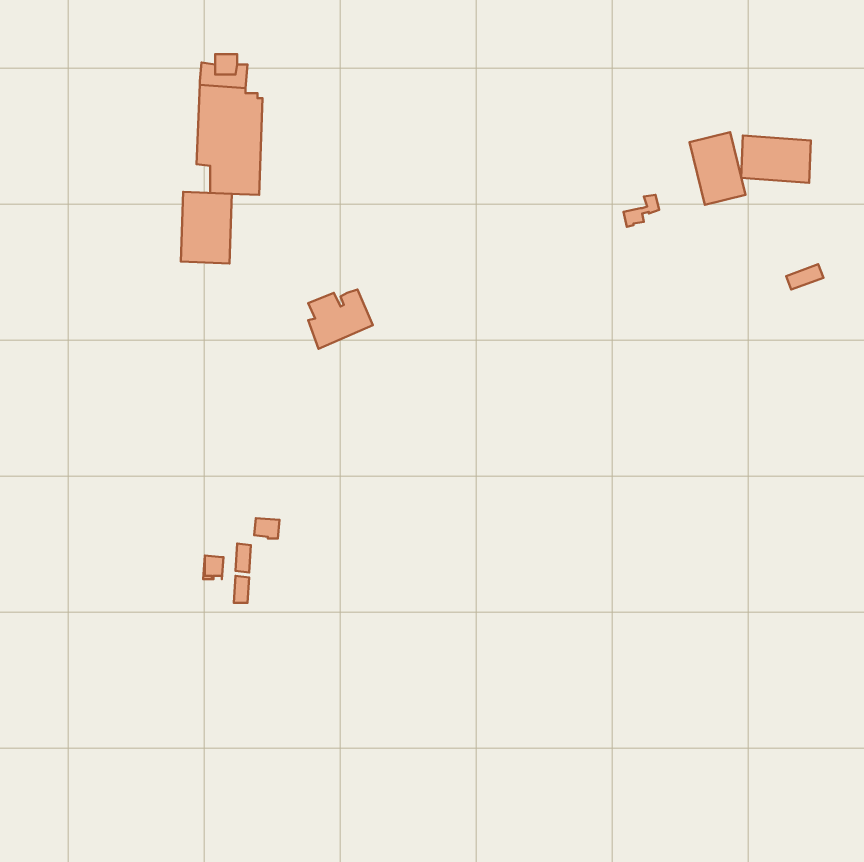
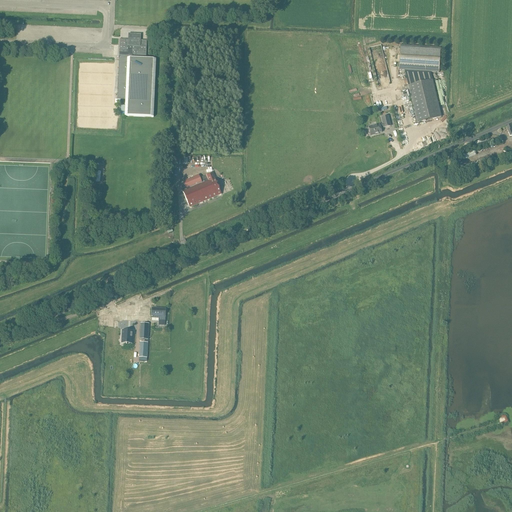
building: [741,136,811,183] -> [398,43,439,71]
building: [181,192,232,263] -> none

